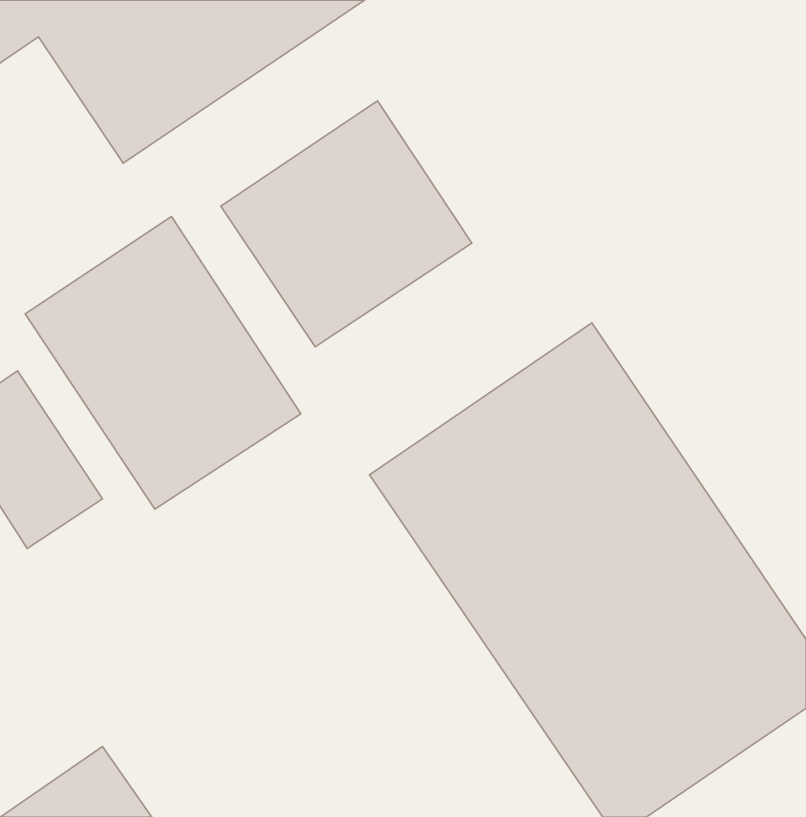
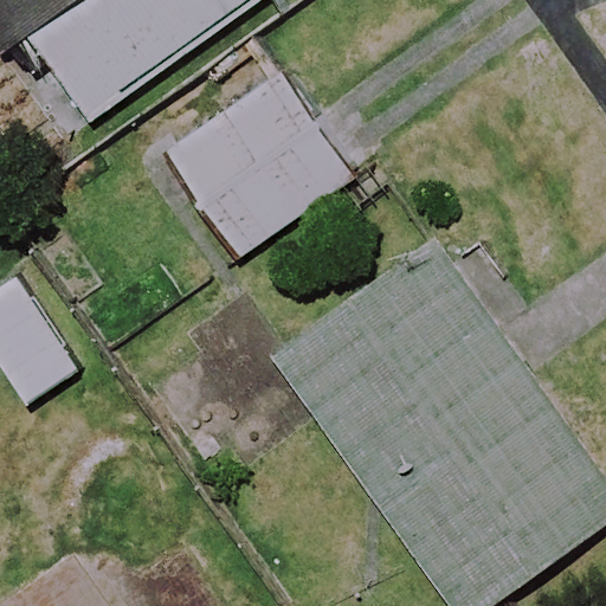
building: [25,217,301,509] -> none

